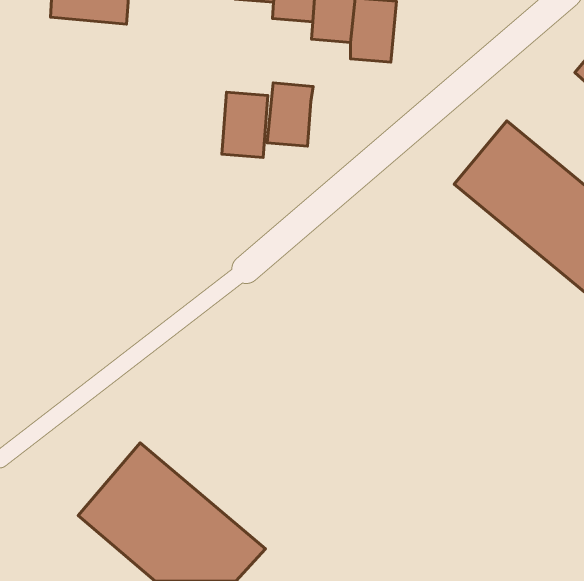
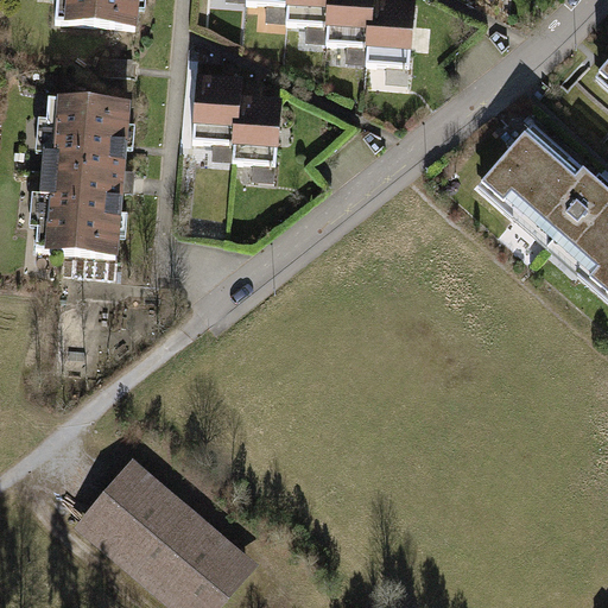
building: [267,83,313,146] -> [192,76,240,141]
building: none -> [36,95,128,253]

